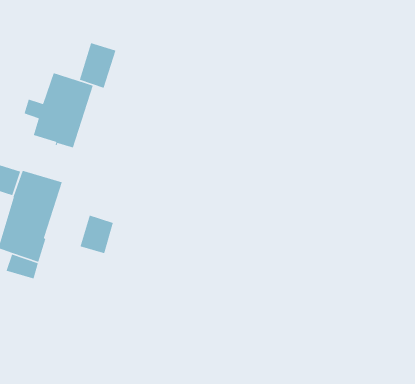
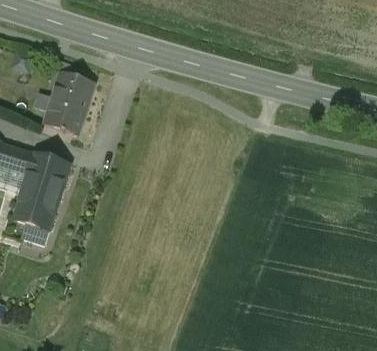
building: [79,42,117,89] -> none
building: [80,215,114,254] -> none

